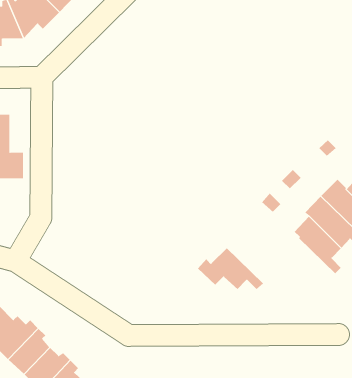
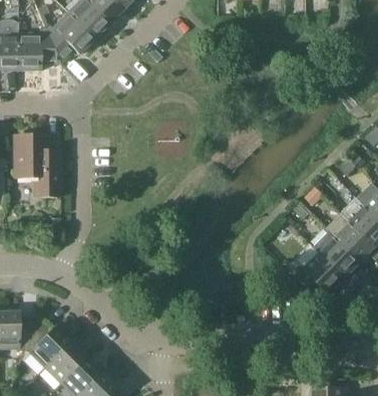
building: [197,247,264,290] -> [292,252,355,292]

